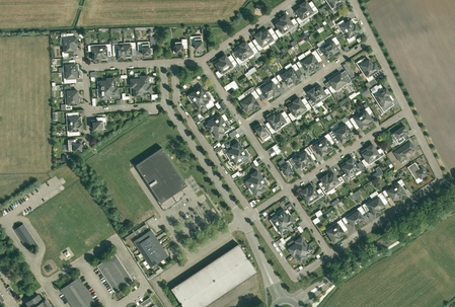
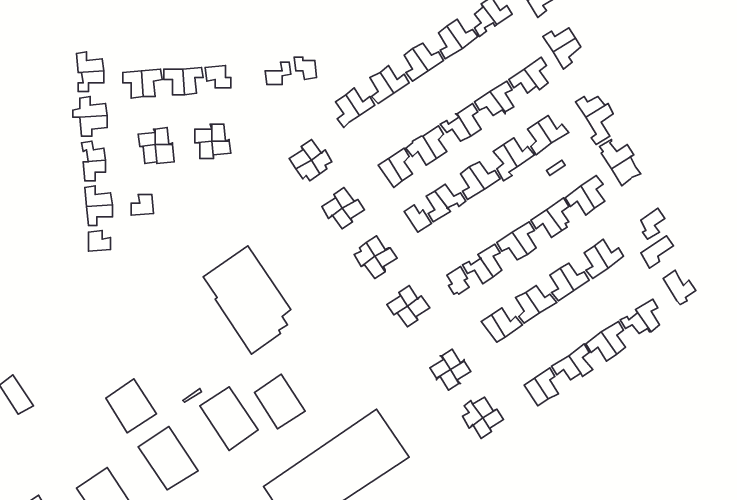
building: none -> [255,374,305,429]
building: none -> [106,379,157,433]

